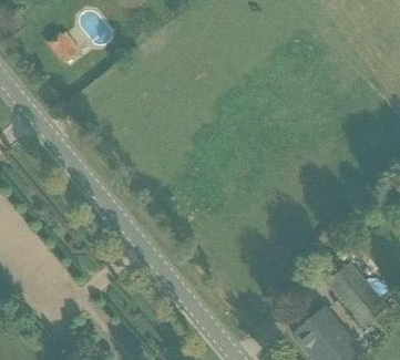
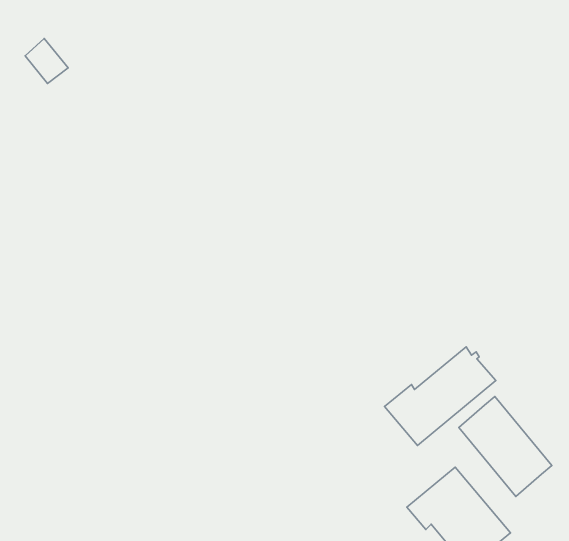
building: none -> [384,347,496,445]

